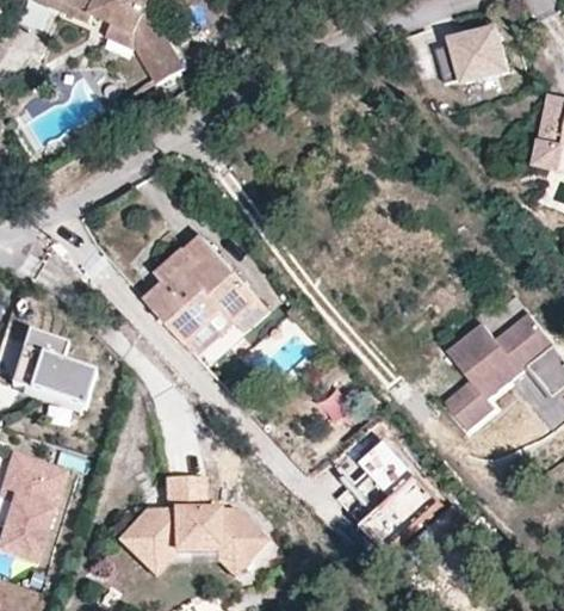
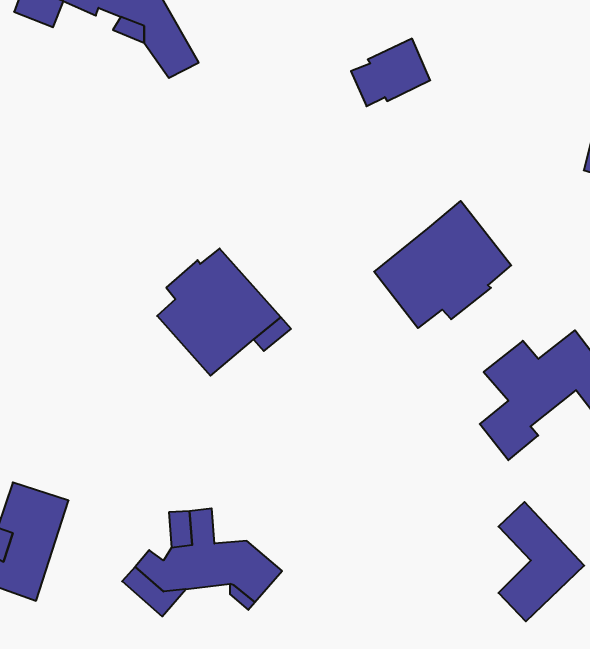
building: [446,31,519,93] -> [351,39,430,106]
building: none -> [374,201,511,328]
building: [12,327,97,406] -> none
building: [357,437,435,547] -> [498,502,584,621]

